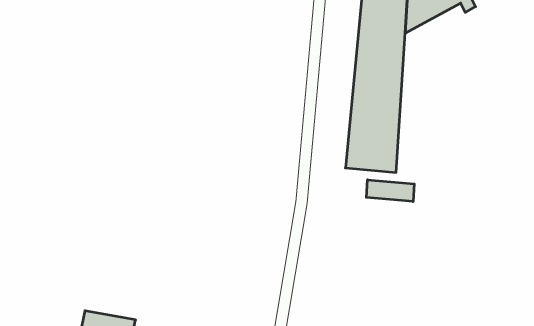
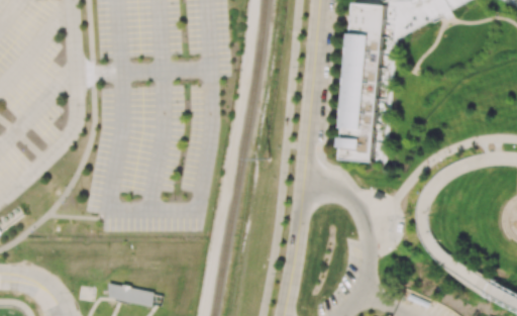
building: [366,180,414,202] -> none

